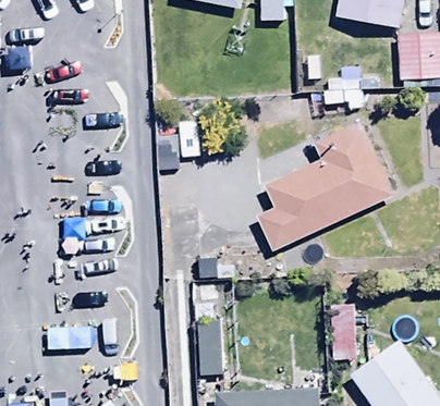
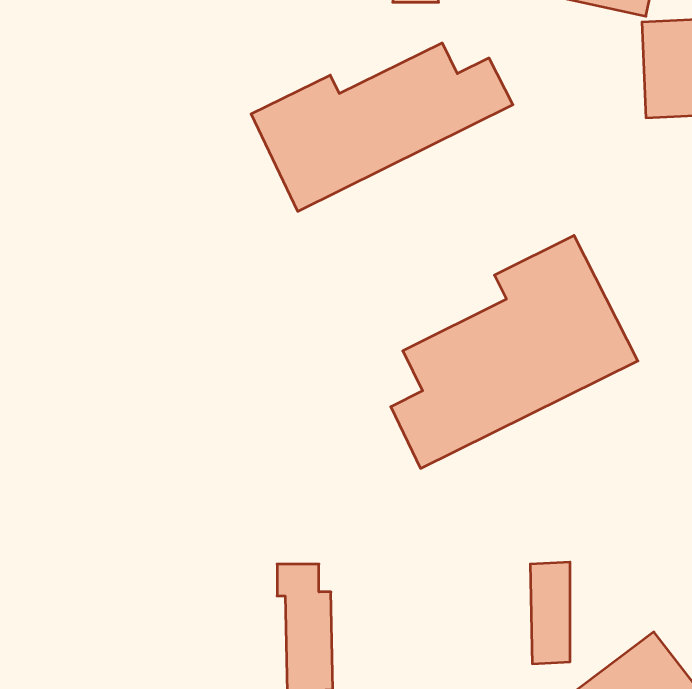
building: none -> [251,43,513,211]

